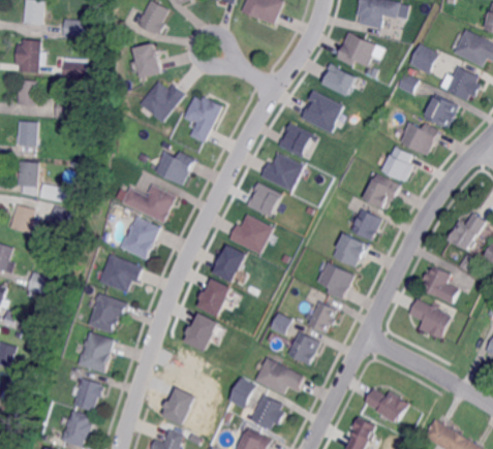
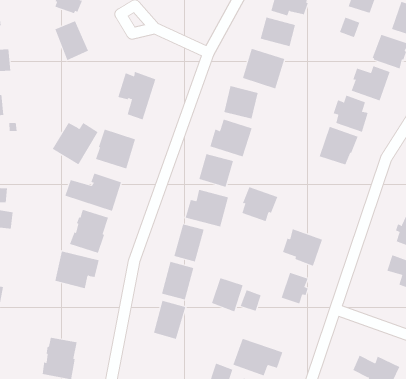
building: [140,79,185,121] -> [52,122,99,165]
building: [350,209,382,240] -> none
building: [333,233,369,268] -> [241,187,278,222]
building: [88,293,125,333] -> none
building: [287,331,319,365] -> [211,277,243,312]

